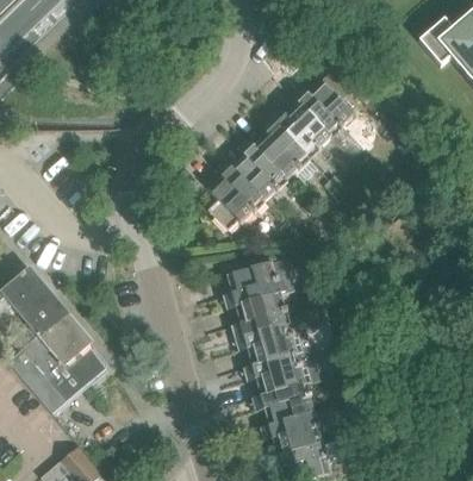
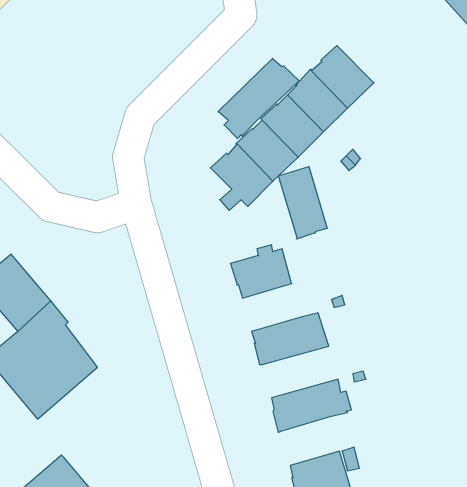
building: none -> [218,58,299,139]
building: none -> [279,166,327,239]
building: [235,292,290,335] -> none
building: [254,348,322,395] -> none
building: [270,411,323,455] -> none

